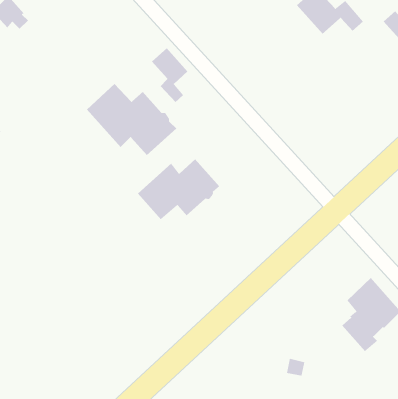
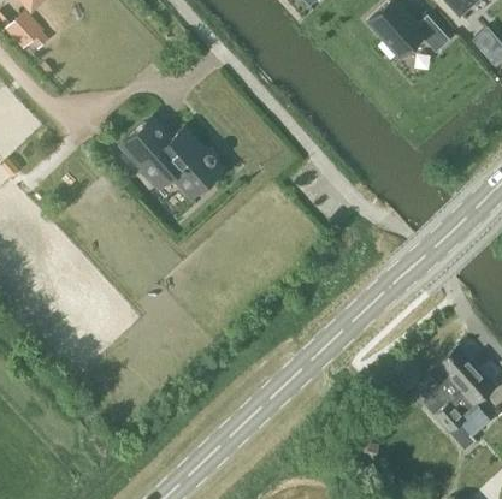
building: [151,48,188,103] -> none
building: [137,159,220,220] -> none

